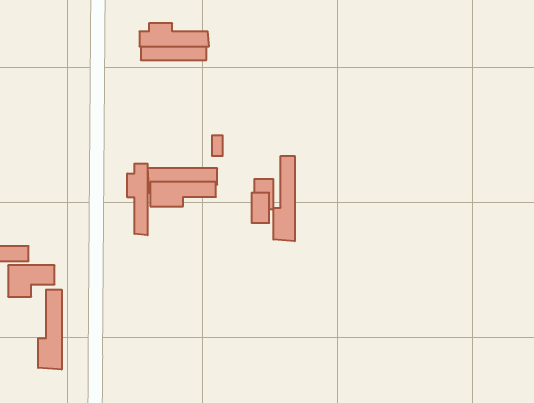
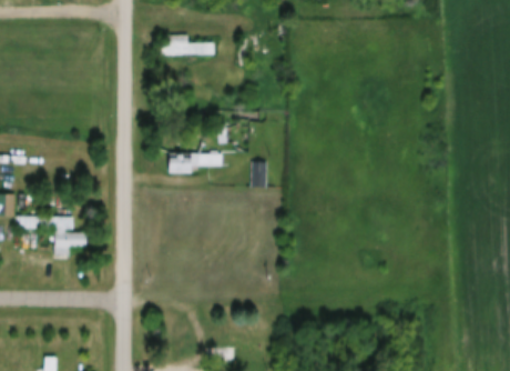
building: [273,156,295,241] -> none
building: [127,164,148,235] -> none
building: [38,290,62,370] -> none

